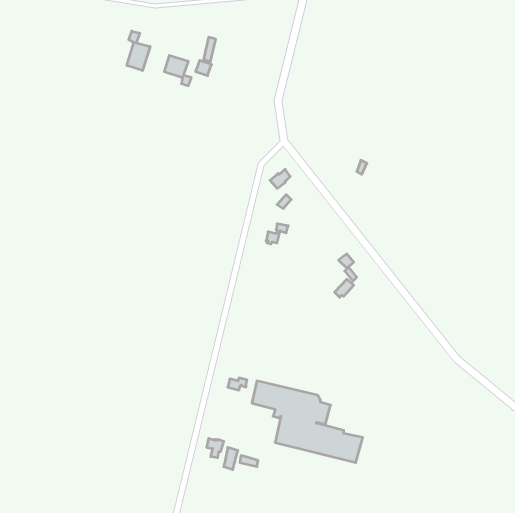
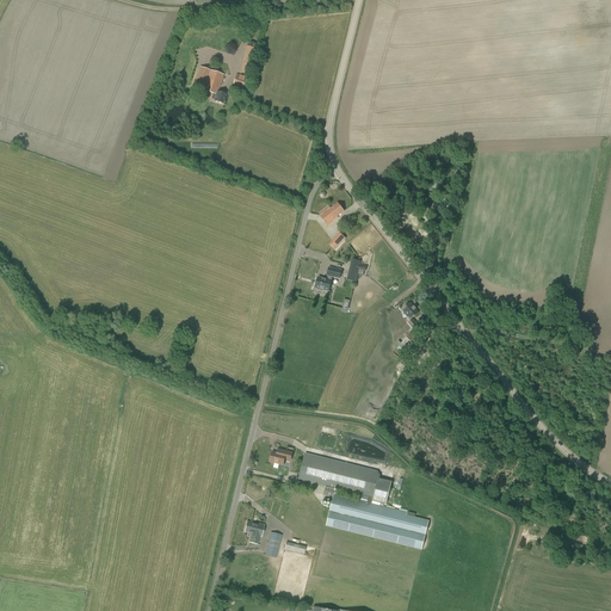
building: [127,31,150,71] -> none

